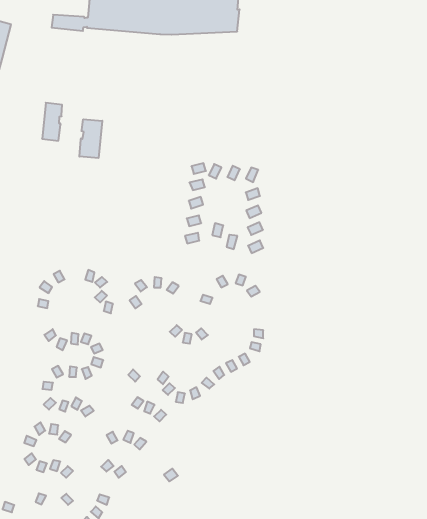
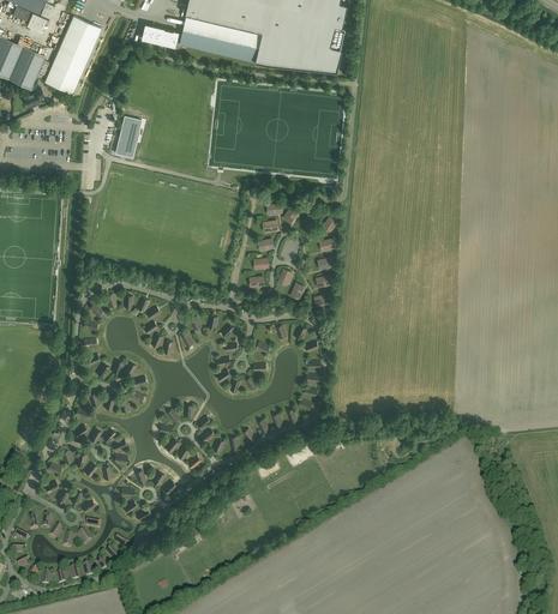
building: [79,119,102,158] -> none

